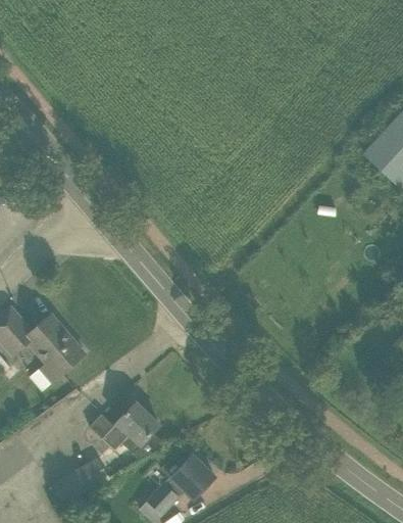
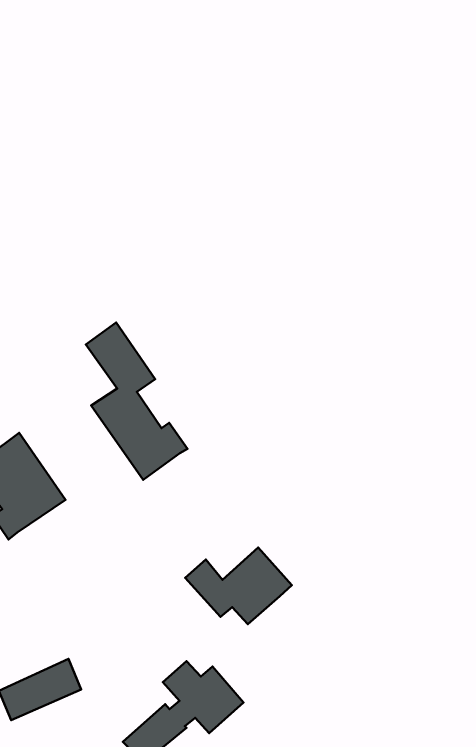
building: none -> [86,323,187,480]
building: [89,401,159,453] -> [185,547,292,624]

